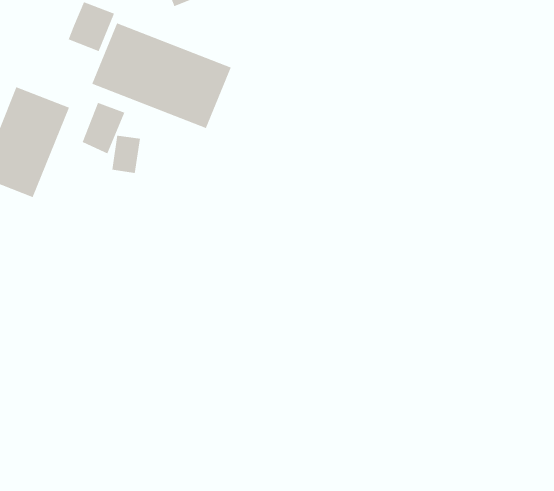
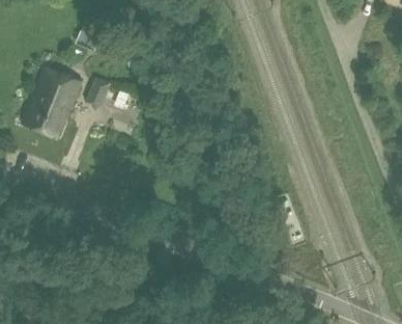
building: [92,22,231,129] -> none

